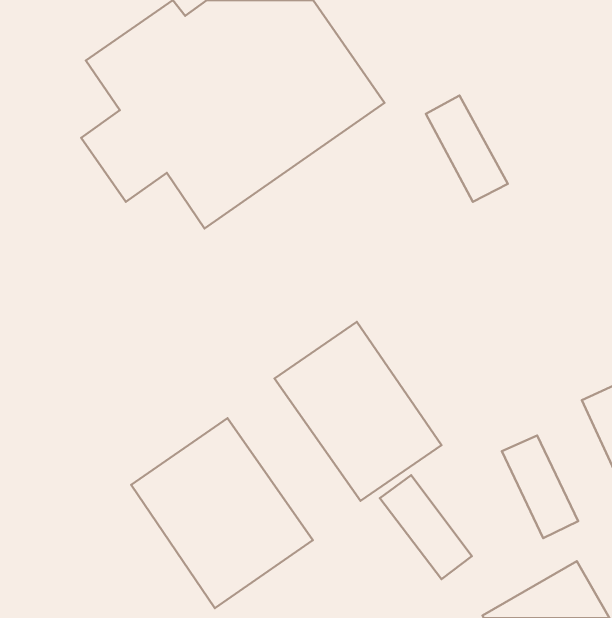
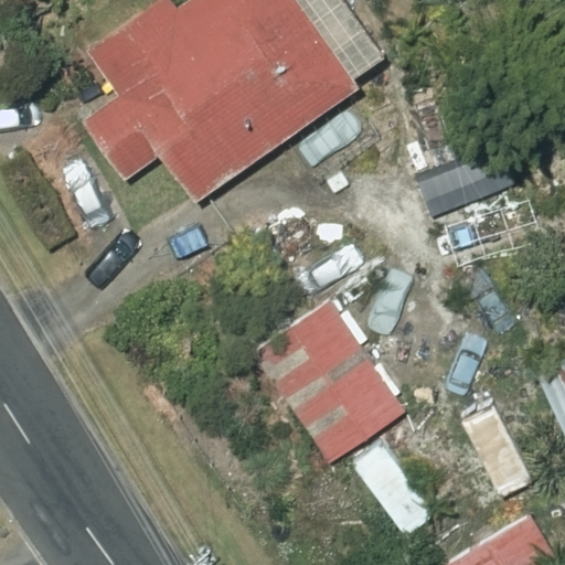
building: [131,418,313,608] -> none

